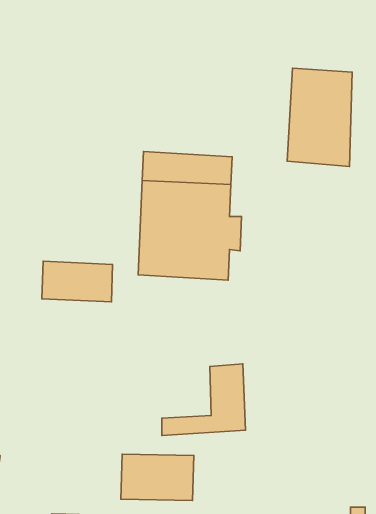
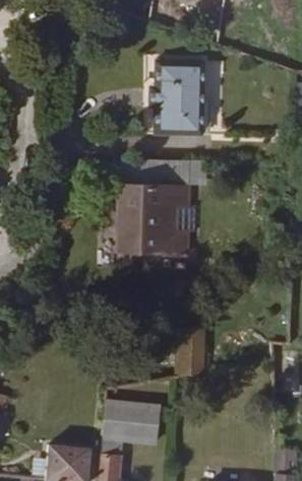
building: [287,68,352,166] -> [156,65,205,140]
building: [42,261,113,302] -> none

